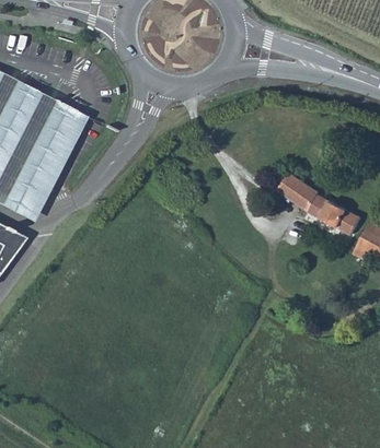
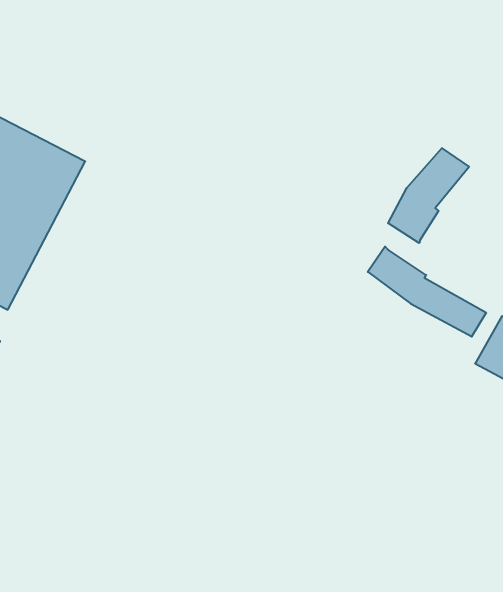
building: none -> [388,148,469,243]

